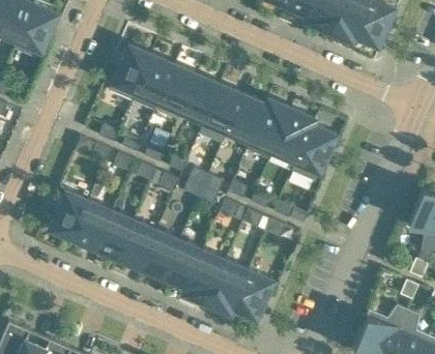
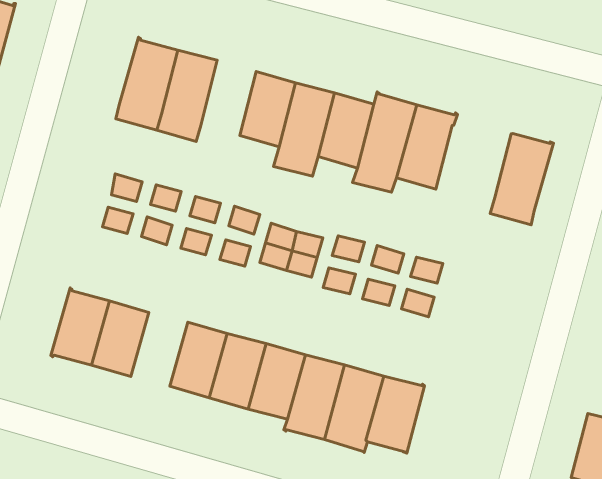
building: [156,63,199,120] -> none
building: [293,123,338,180] -> [490,134,554,225]
building: [96,210,136,257] -> none

